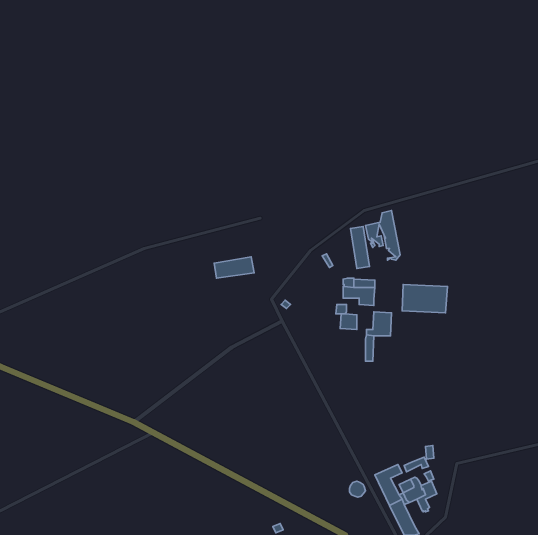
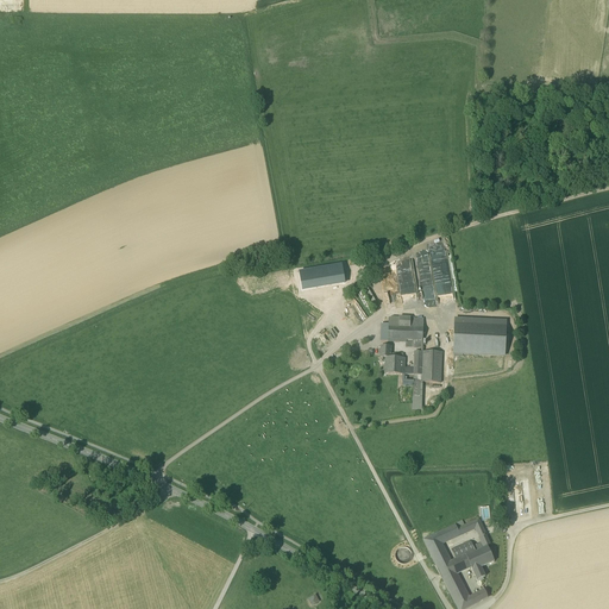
building: [214,257,254,278] -> [300,263,345,287]

